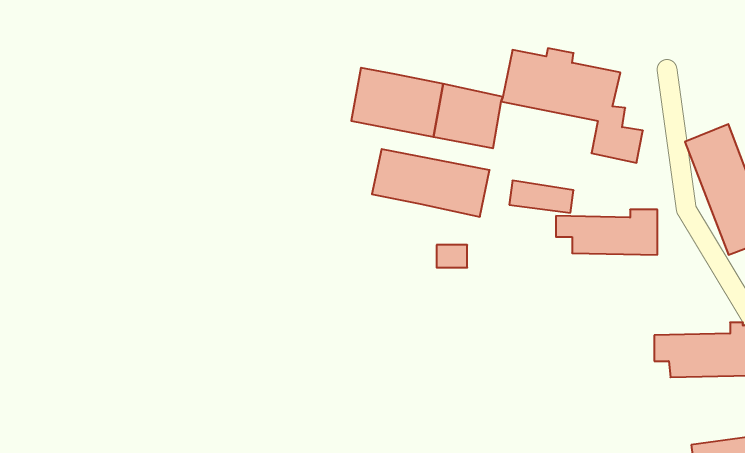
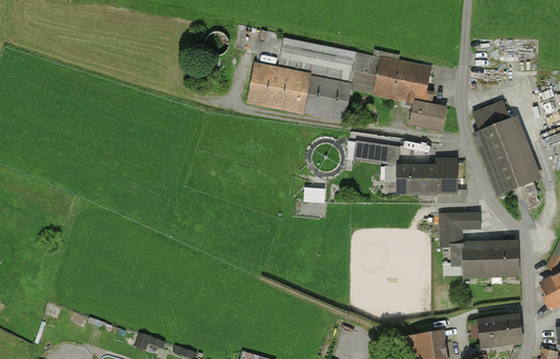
building: [372,149,490,217] -> [278,38,358,84]
building: none -> [445,212,479,244]

